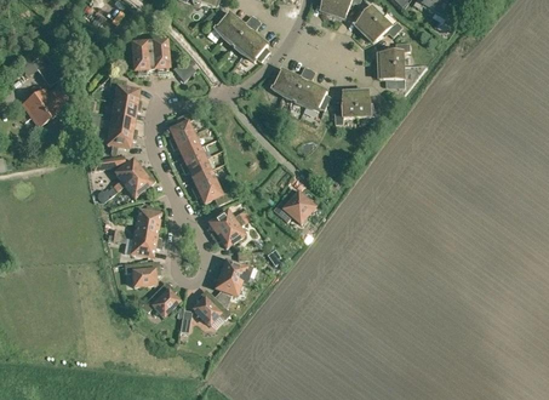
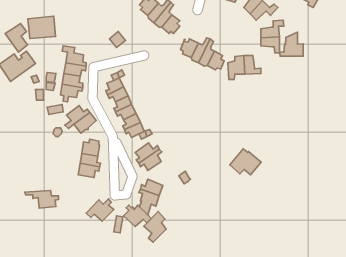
building: [130,41,167,72] -> [28,16,55,38]
building: none -> [279,32,303,56]
building: [273,188,315,223] -> [230,149,261,175]
building: [113,262,159,286] -> [25,190,59,208]
building: none -> [144,211,166,242]

